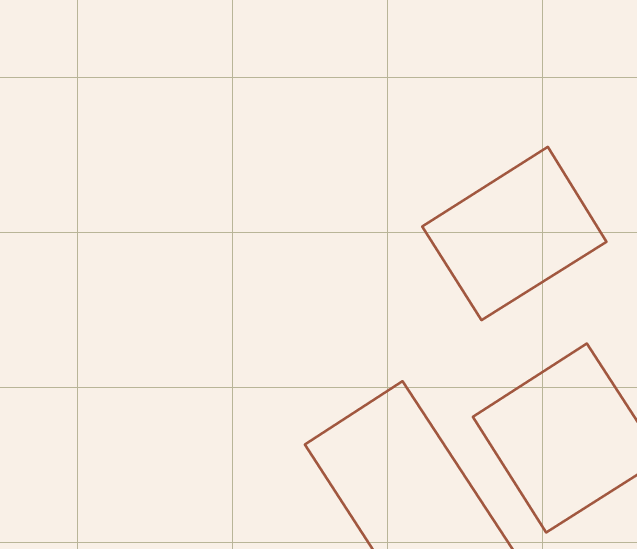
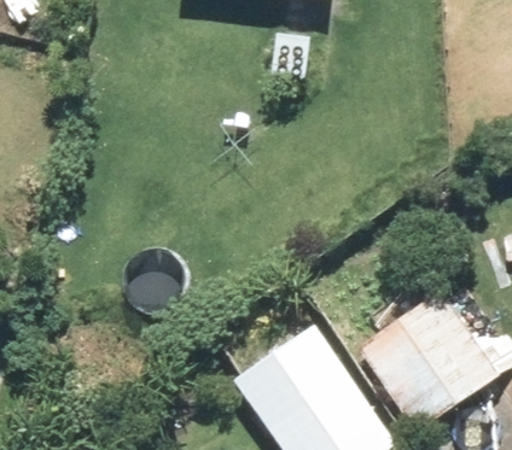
building: [422,147,606,320] -> none

